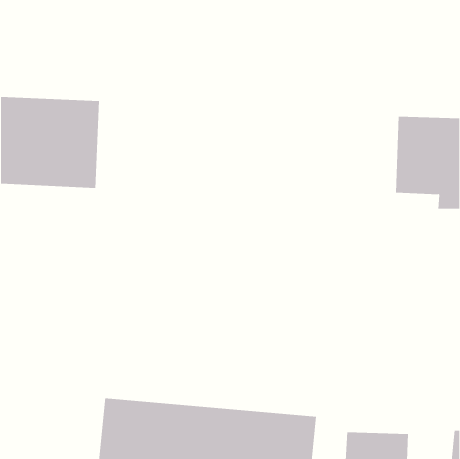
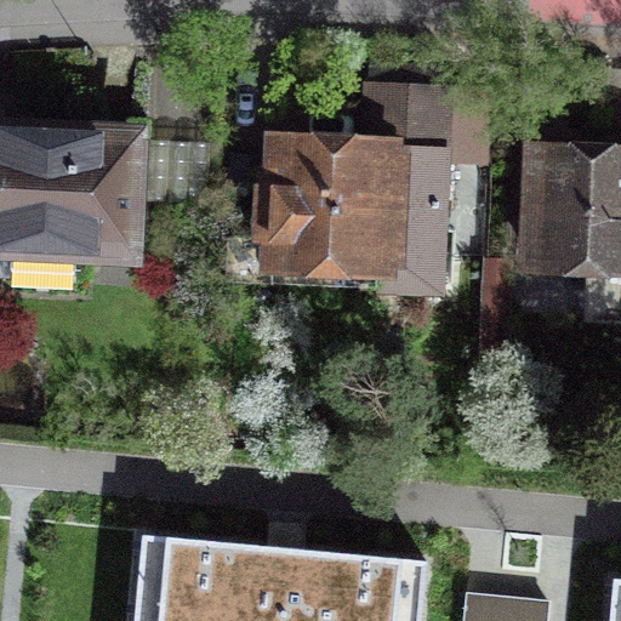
building: none -> [256,89,489,272]

